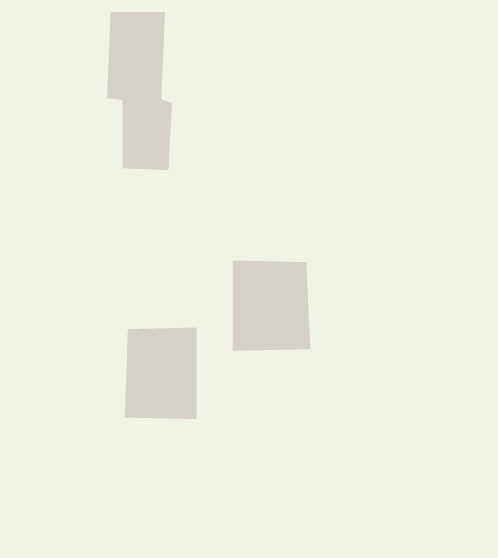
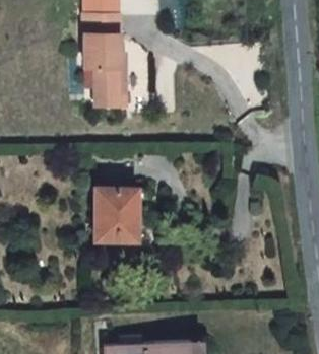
building: [232,260,311,351] -> none

